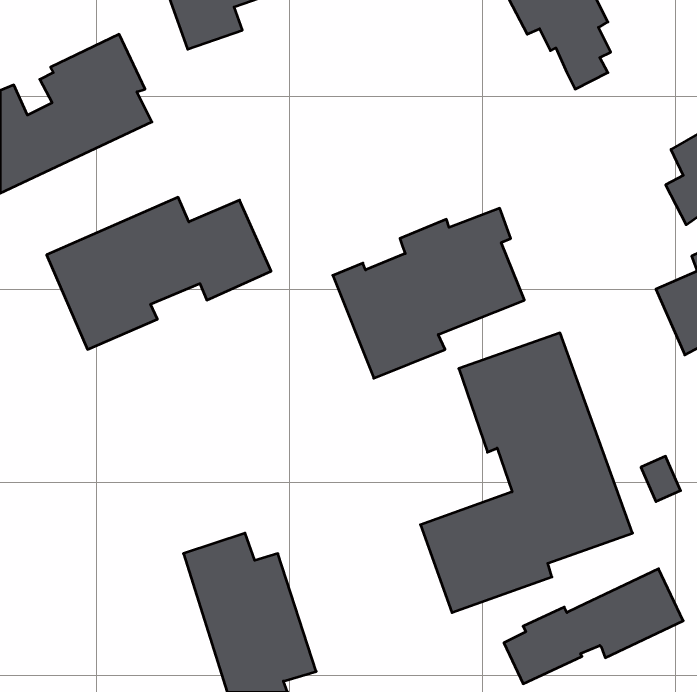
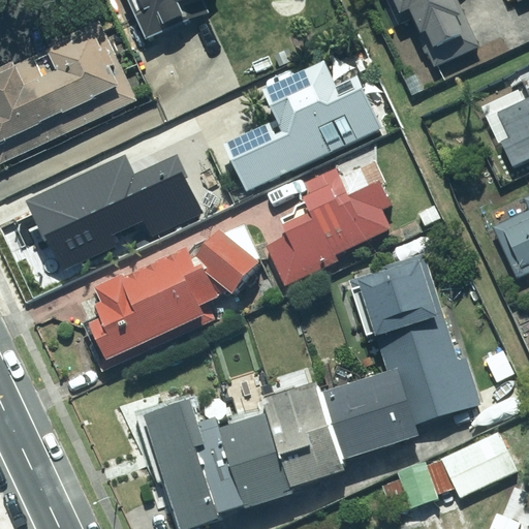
building: none -> [219,63,378,192]
building: none -> [80,231,258,364]
building: none -> [217,385,343,512]

